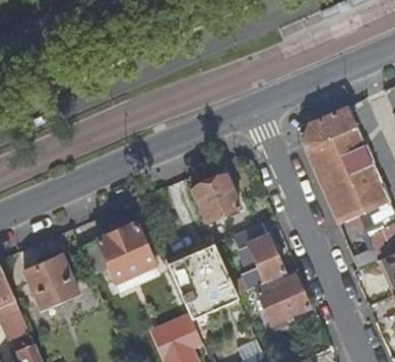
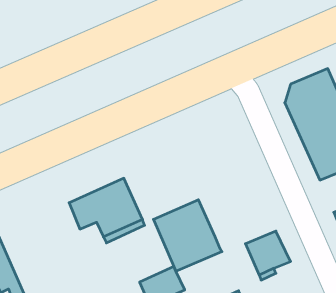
building: [192,176,239,223] -> none
building: [231,224,284,295] -> none
building: [24,256,76,309] -> none

